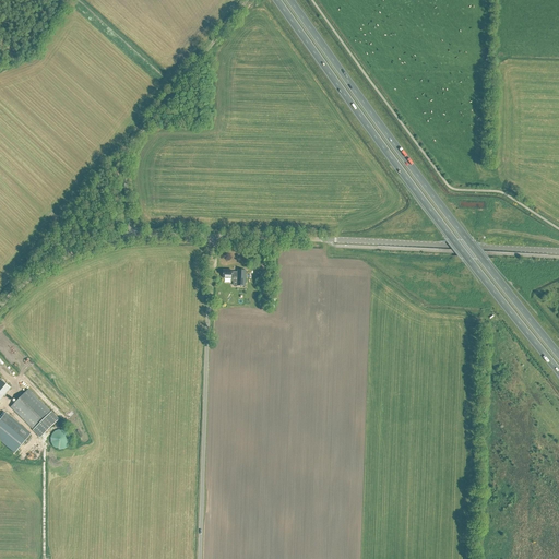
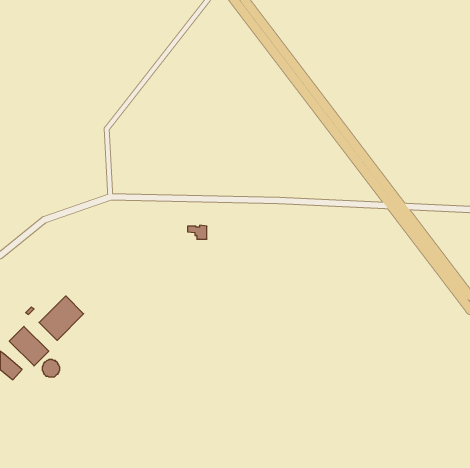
building: none -> [39,296,84,340]

